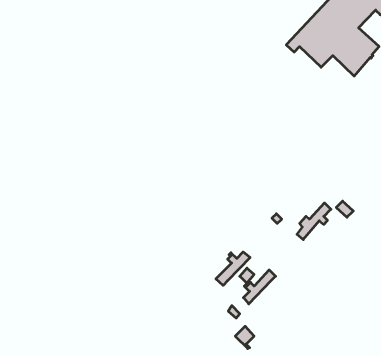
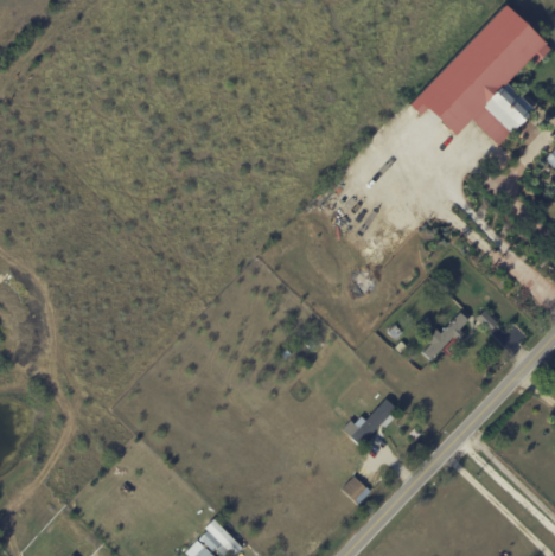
building: [216,252,250,285] -> none

